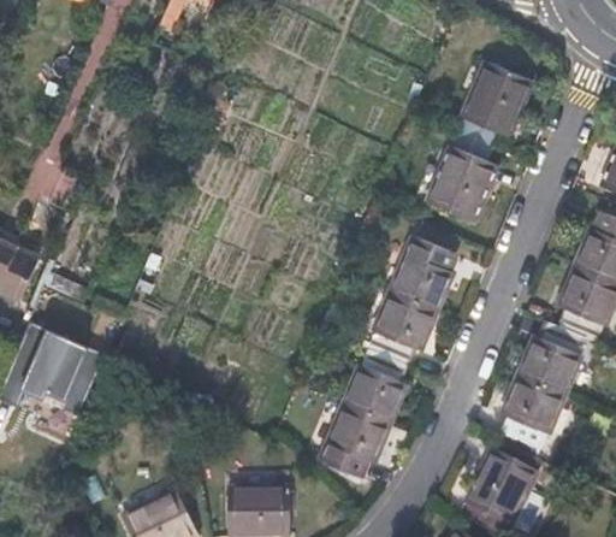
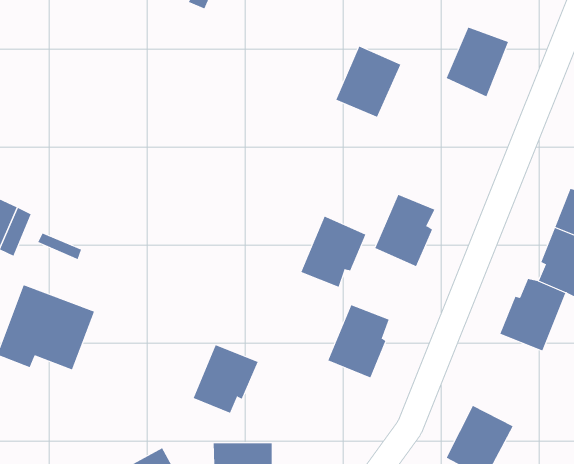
building: [428,143,496,217] -> [336,46,401,117]
building: [367,289,434,362] -> [301,216,366,287]
building: [502,377,564,452] -> none
building: [320,405,387,476] -> [193,344,259,413]

